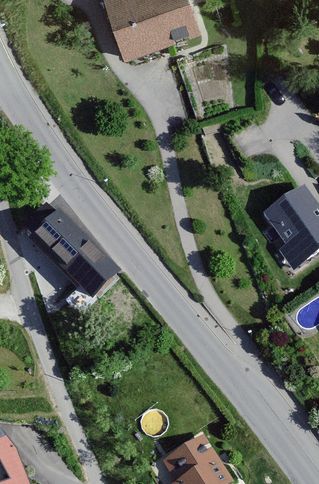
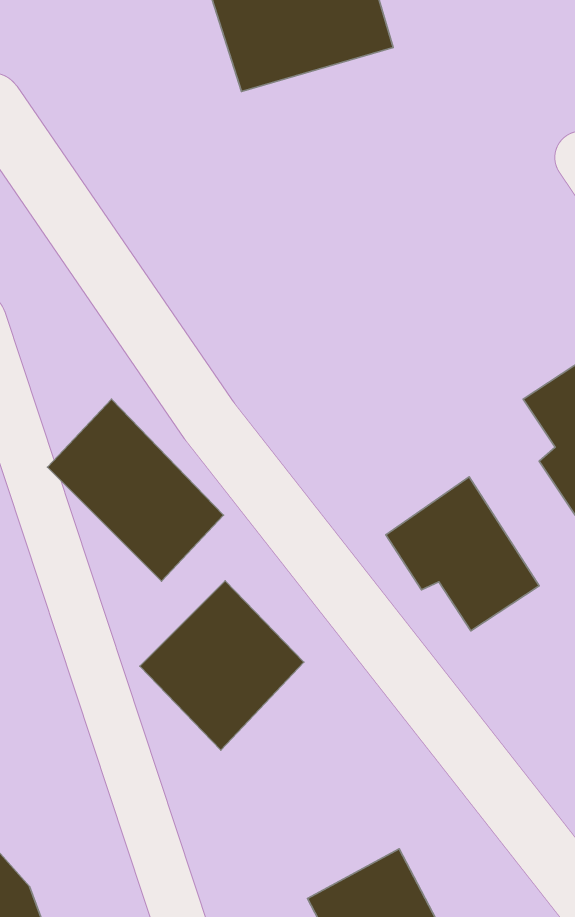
building: none -> [386,477,539,631]
building: none -> [140,581,304,750]

